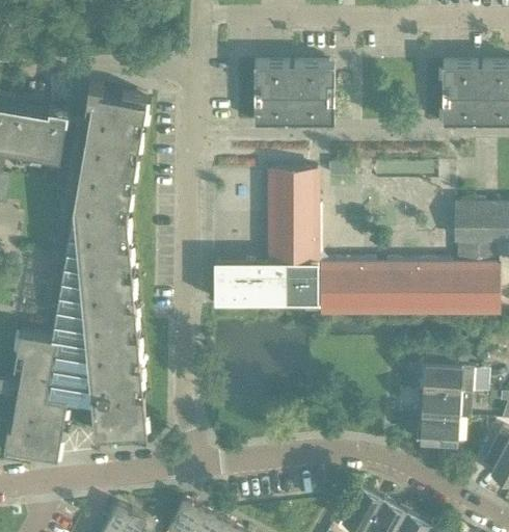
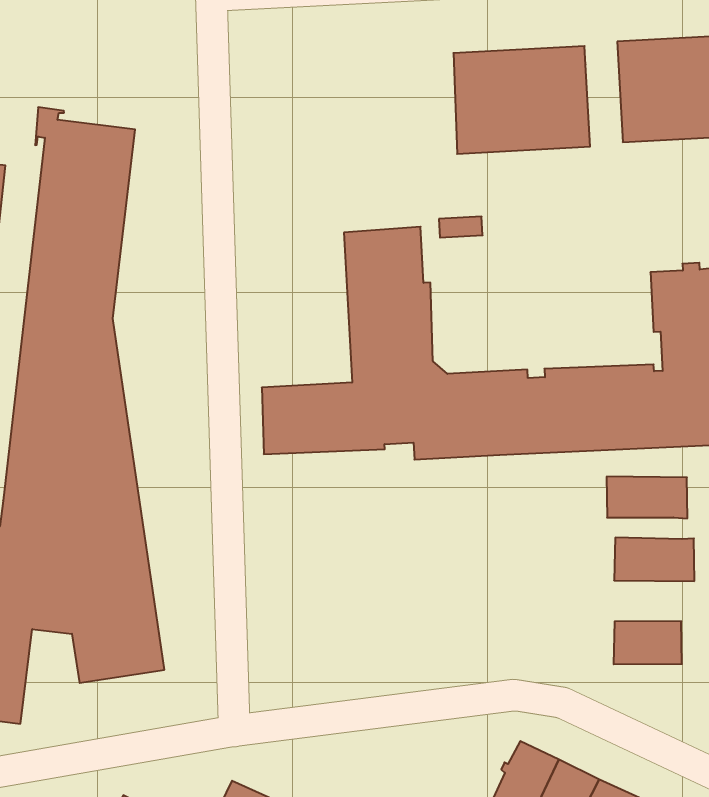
building: [252,64,333,126] -> [453,46,590,154]
building: [421,392,471,420] -> [607,477,687,518]

